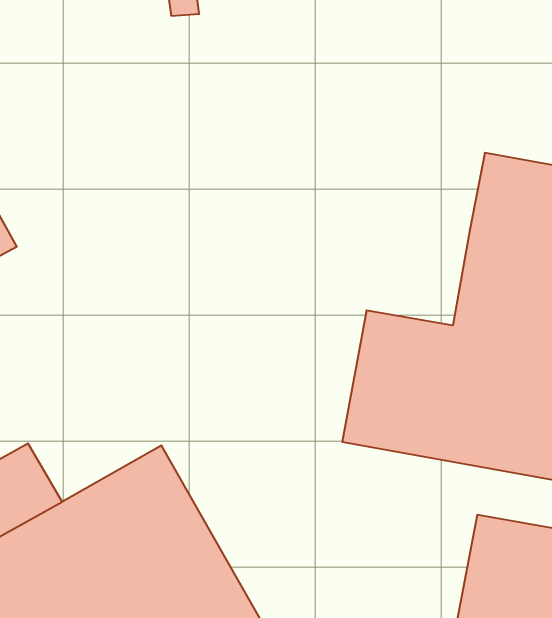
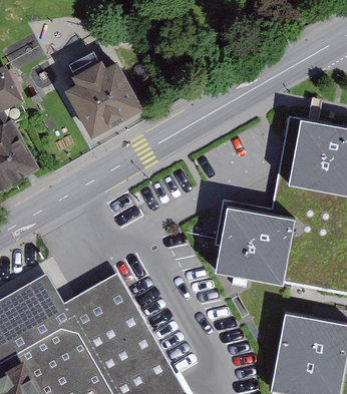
building: none -> [63,62,142,141]

